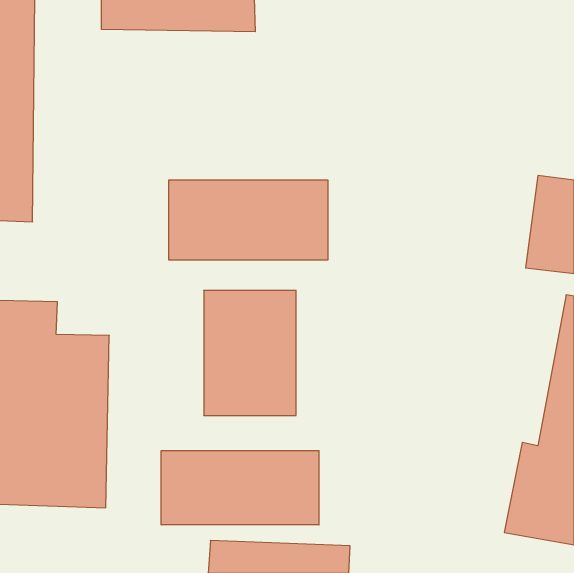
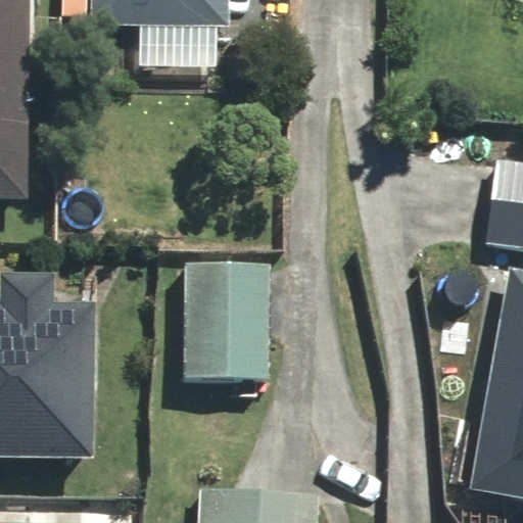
building: [169,180,328,260] -> none
building: [161,451,319,525] -> none

